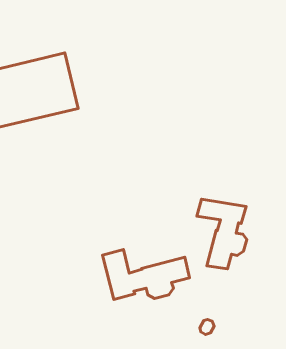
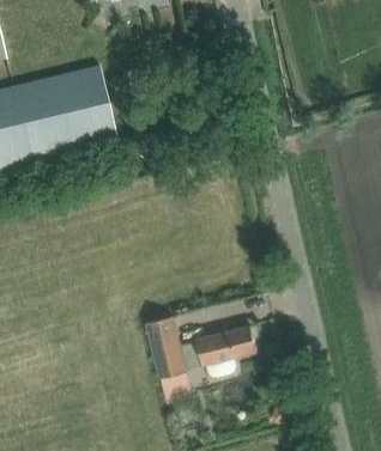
building: [197,199,247,269] -> none

